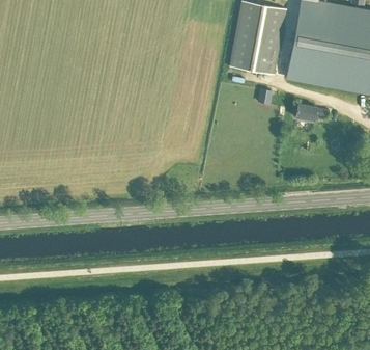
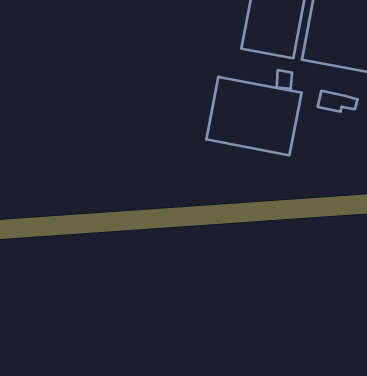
building: none -> [206,77,302,155]

